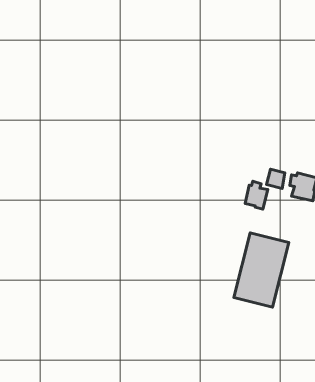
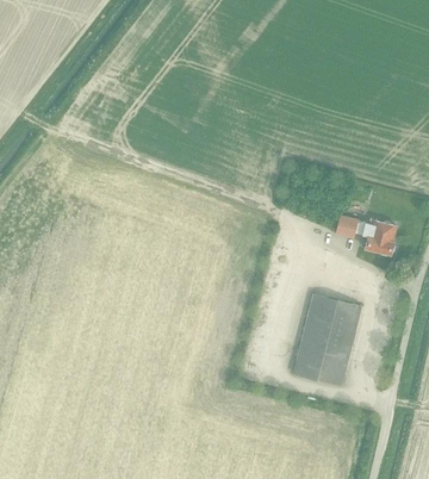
building: [245,181,268,209] -> none

